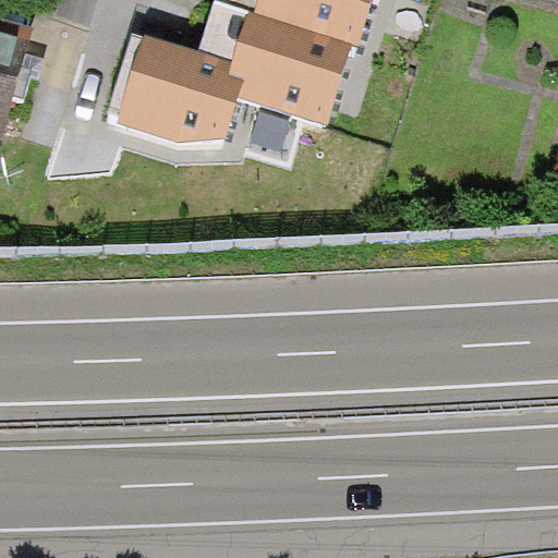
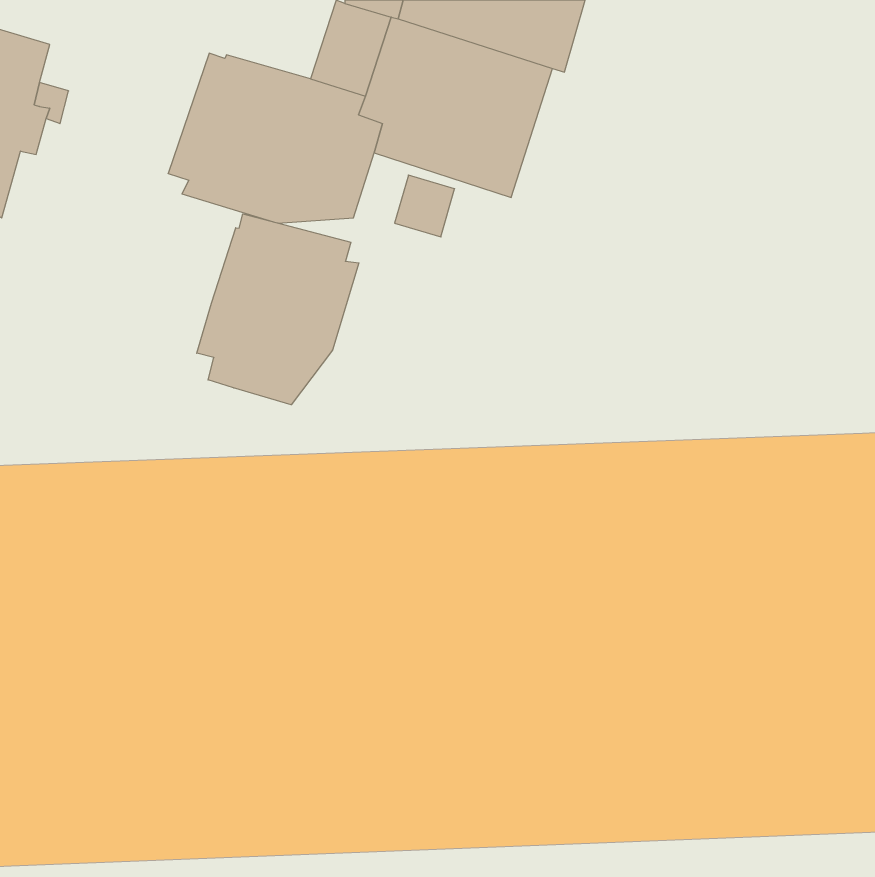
building: none -> [197,214,359,405]

